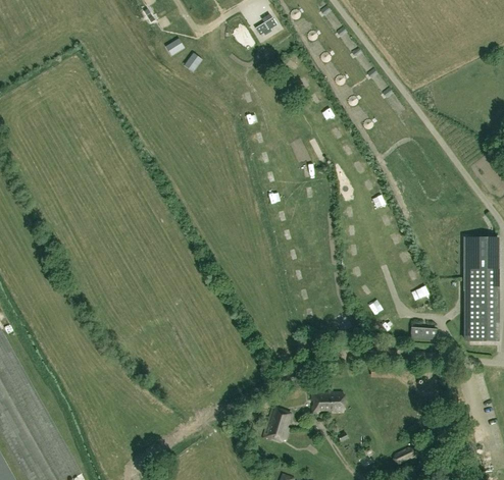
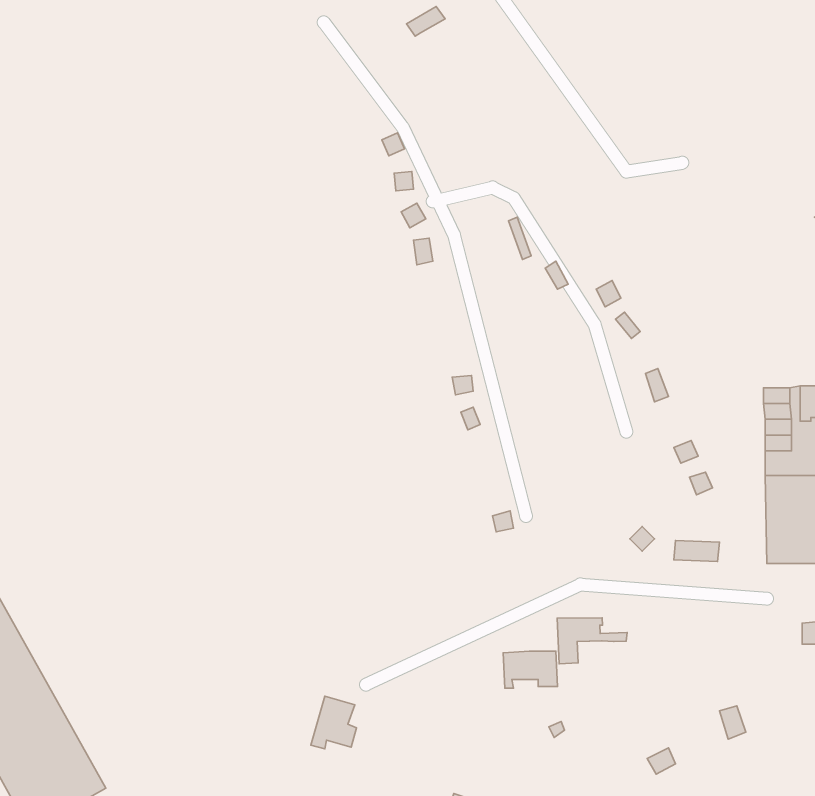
building: none -> [557,618,627,664]
building: [261,410,288,440] -> [311,696,357,749]

